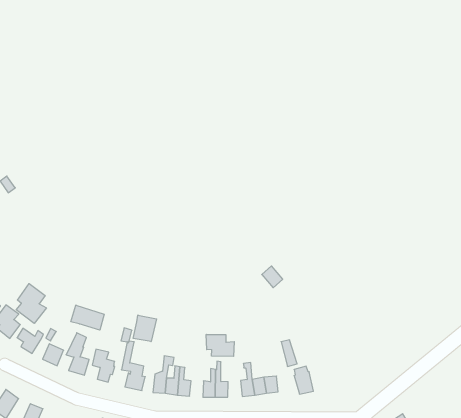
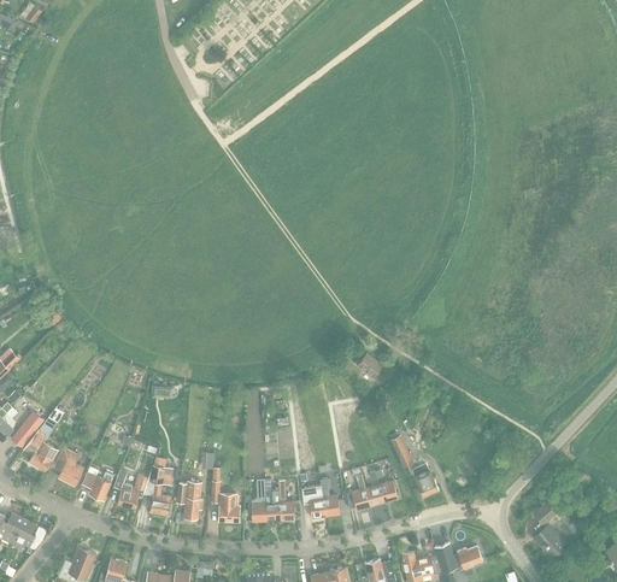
building: [16,284,46,323] -> none
building: [71,305,104,330] -> none
building: [133,315,157,342] -> none
building: [206,334,234,356] -> none

